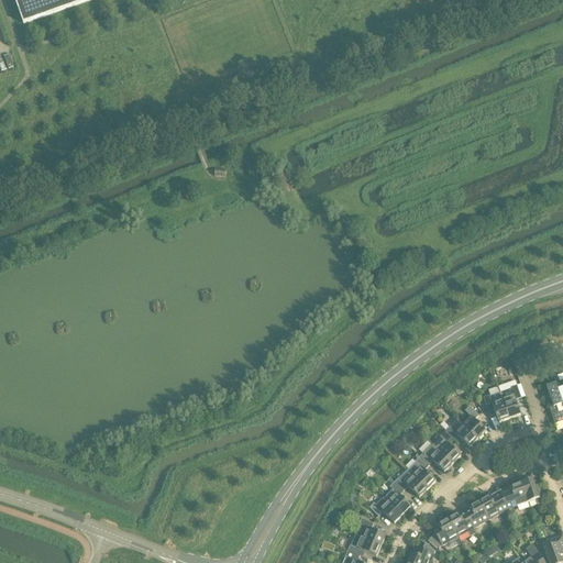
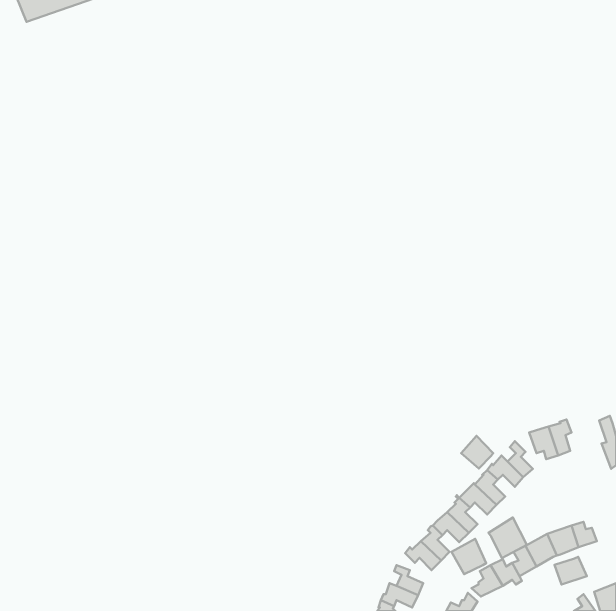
building: none -> [461,436,493,468]
building: none -> [488,518,527,558]
building: none -> [451,539,486,574]
building: none -> [555,557,587,584]

